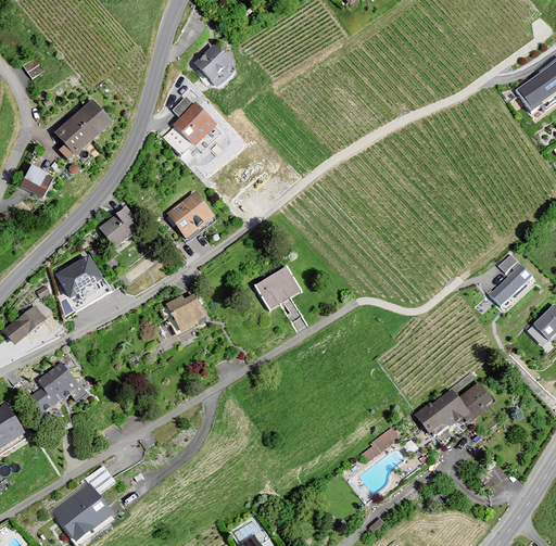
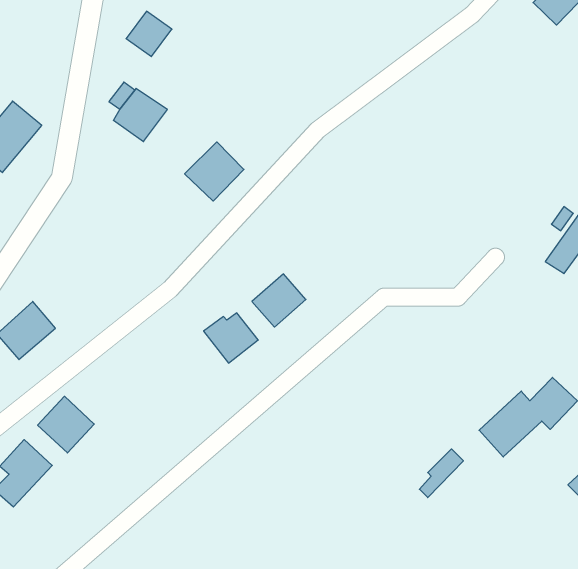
building: [165,192,212,238] -> [185,142,244,201]
building: [98,207,139,247] -> none
building: [164,293,205,331] -> [204,313,258,363]
building: none -> [38,396,94,453]

